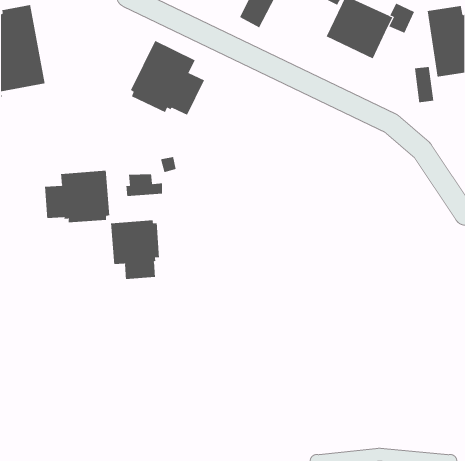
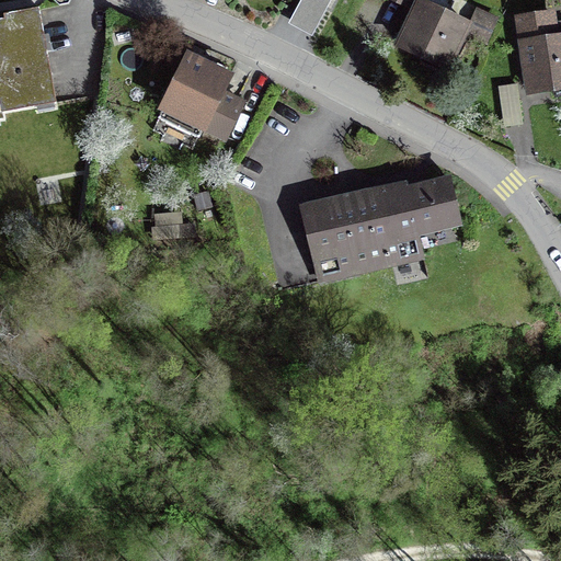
building: none -> [299,174,462,282]
building: [44,170,110,223] -> none
building: [111,220,159,280] -> none

